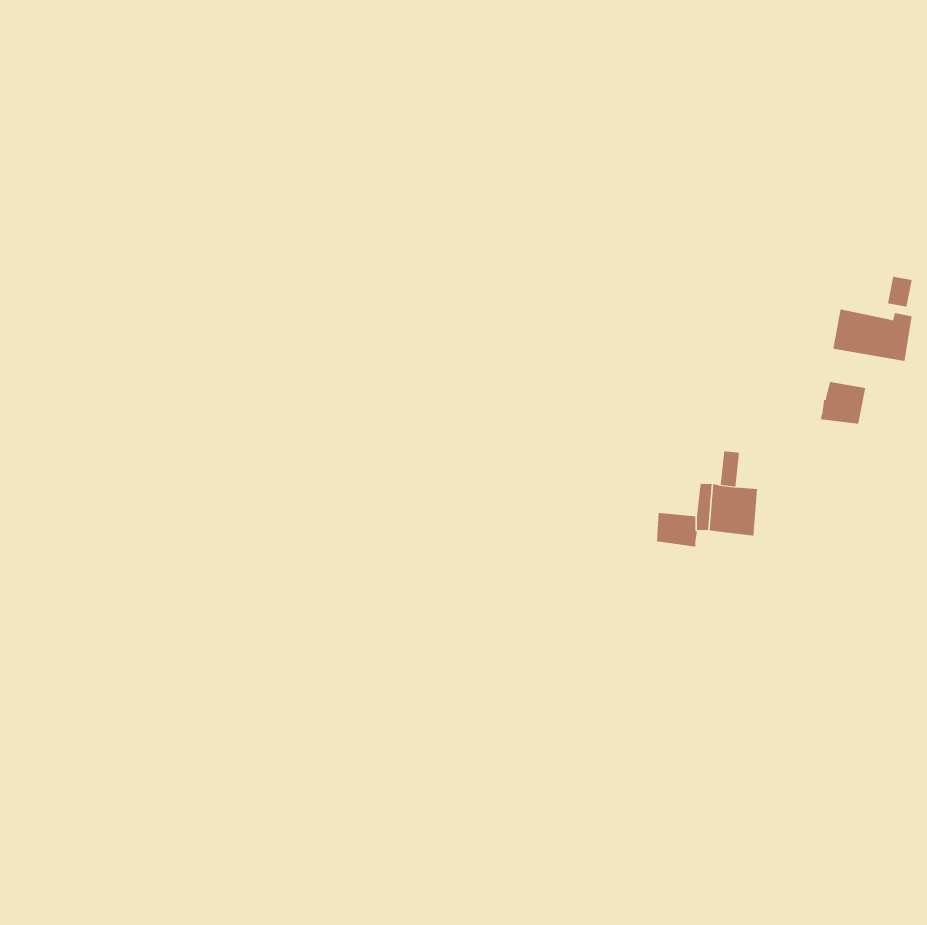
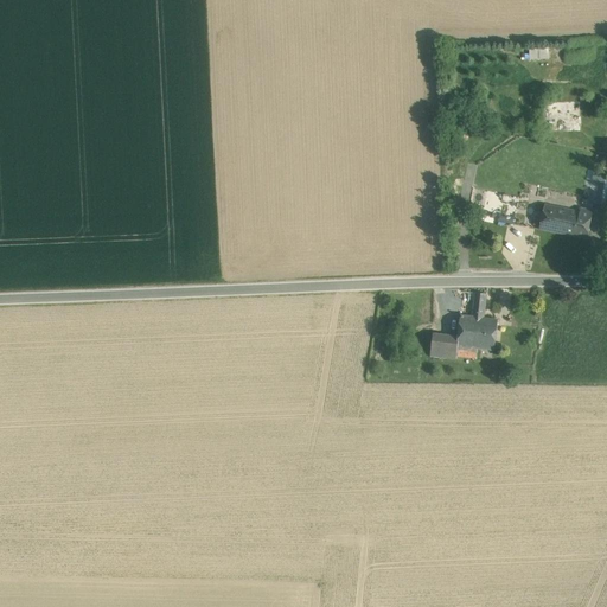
building: [820,381,866,424] -> none

